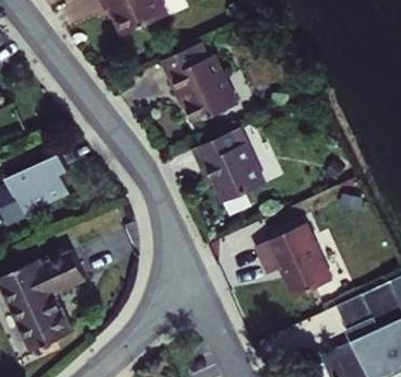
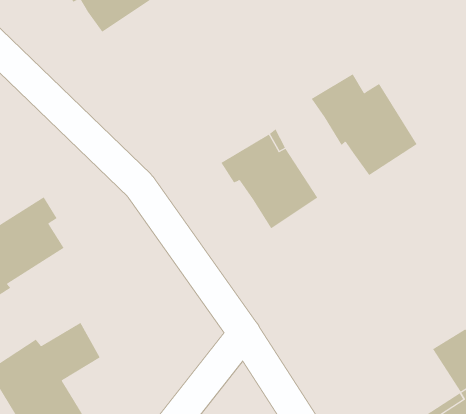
building: [160,47,234,125] -> [311,74,417,176]
building: [256,224,331,297] -> none

